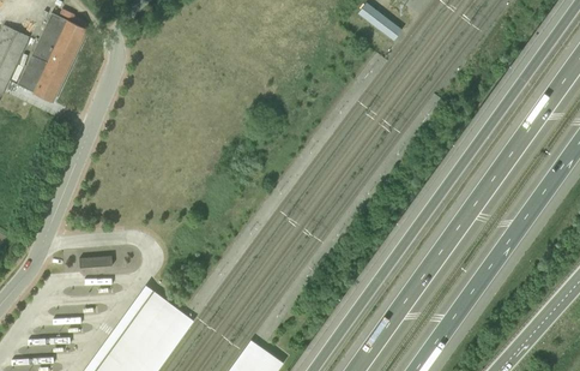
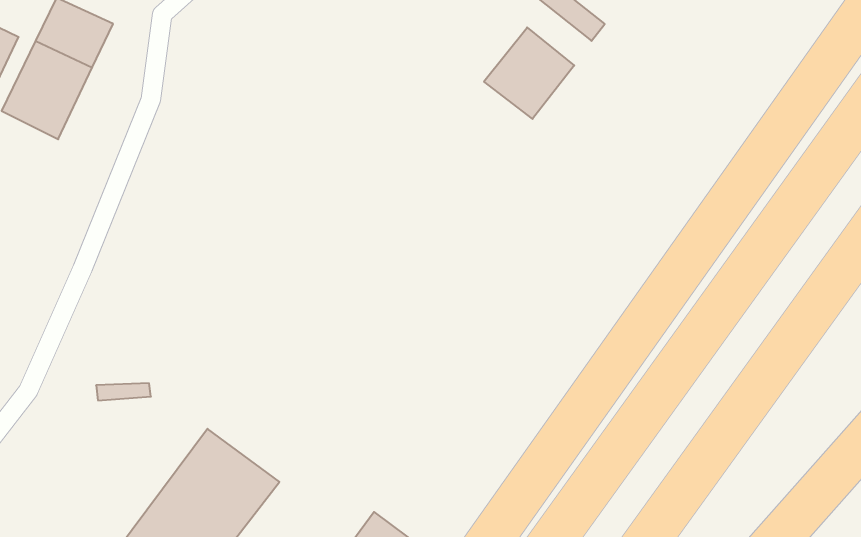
building: none -> [484,27,574,119]

